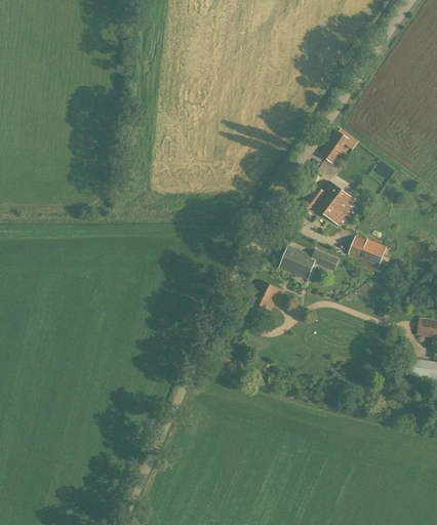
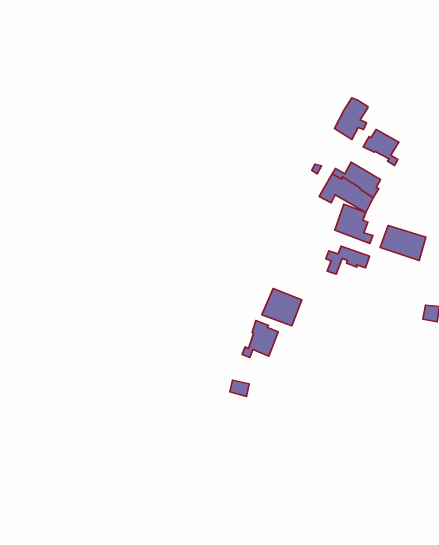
building: none -> [363,129,399,165]
building: [280,245,311,279] -> [335,204,373,243]
building: none -> [242,321,278,357]

